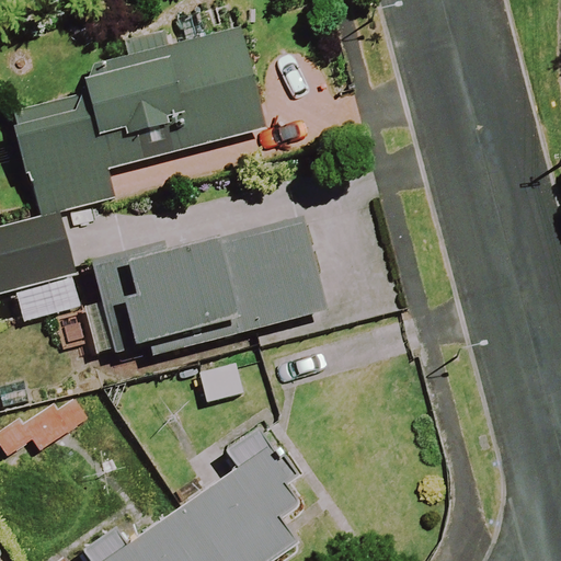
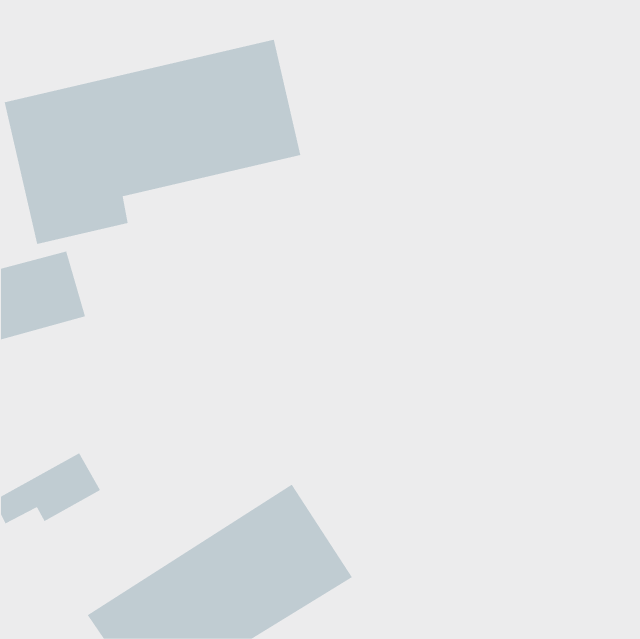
building: [95,221,327,362] -> none

